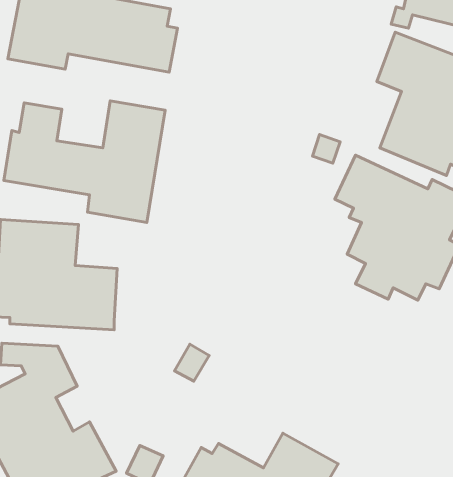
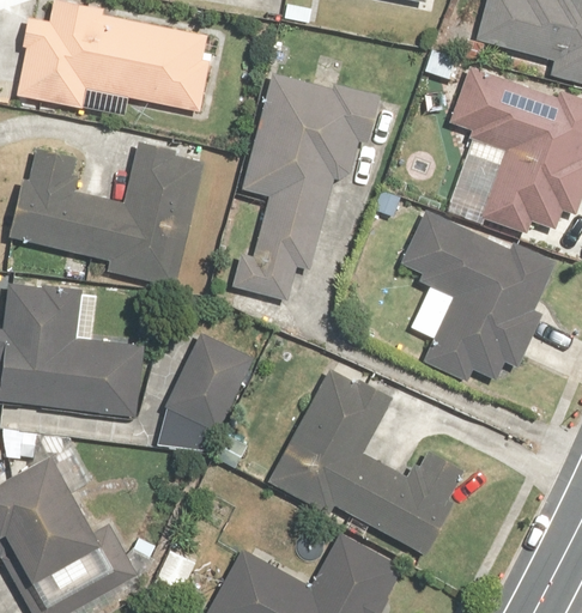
building: none -> [231,53,380,302]
building: none -> [165,333,253,432]
building: none -> [266,364,462,560]

